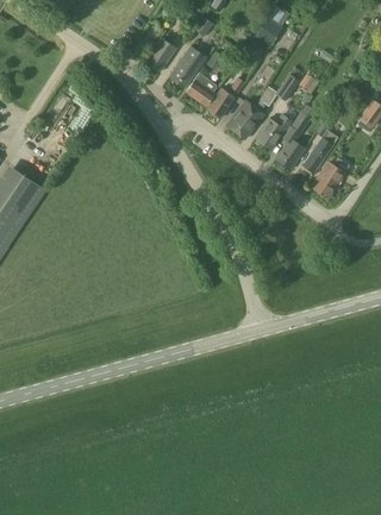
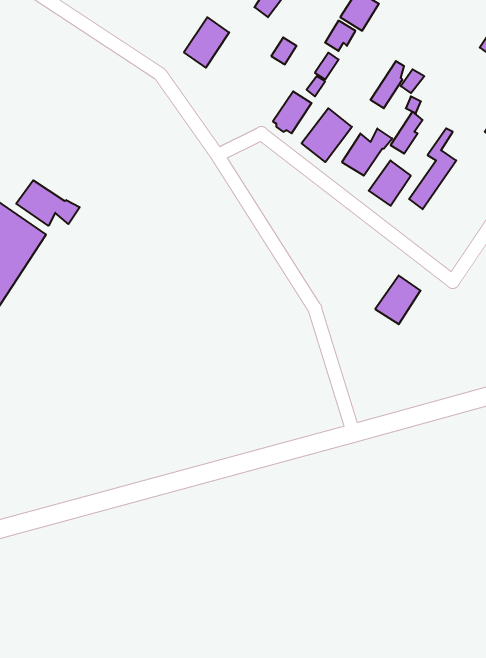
building: [169,46,206,88] -> none
building: [186,74,217,107] -> none
building: none -> [16,180,80,226]
building: [312,163,344,197] -> [375,275,421,324]

